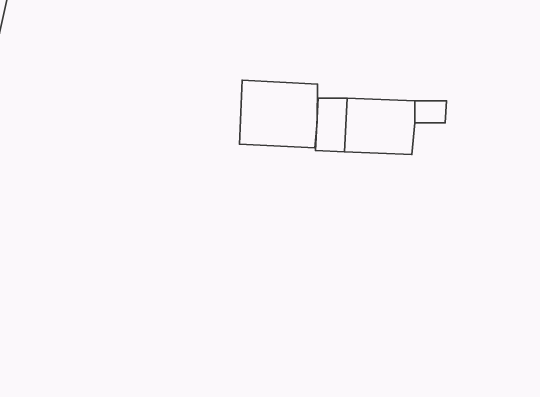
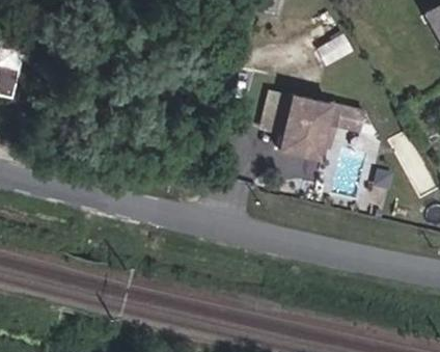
building: [240,80,317,148] -> none

